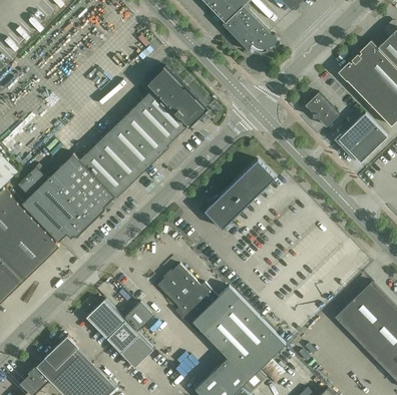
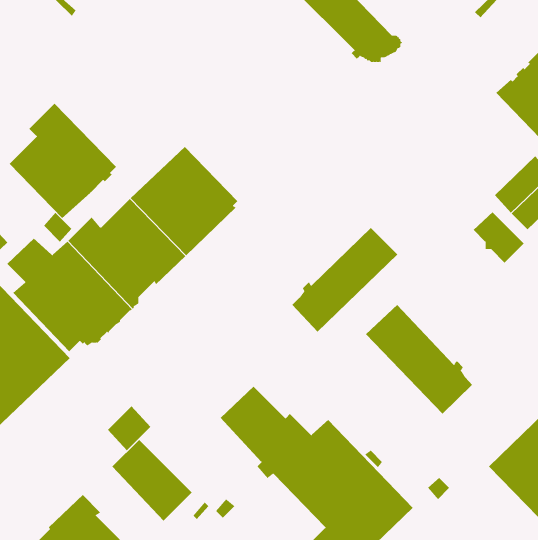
building: [135,67,207,143] -> [9,103,117,219]
building: [306,93,340,127] -> [473,212,524,263]
building: none -> [365,304,473,415]
building: [125,302,154,332] -> [107,406,151,451]

